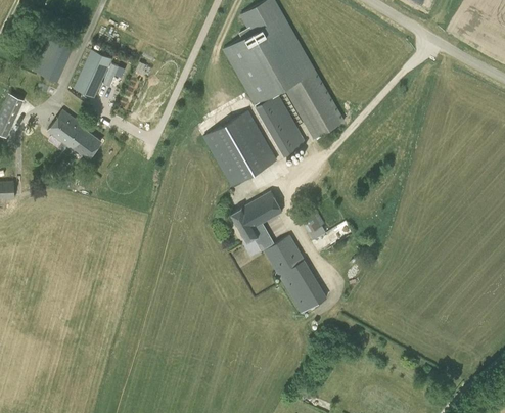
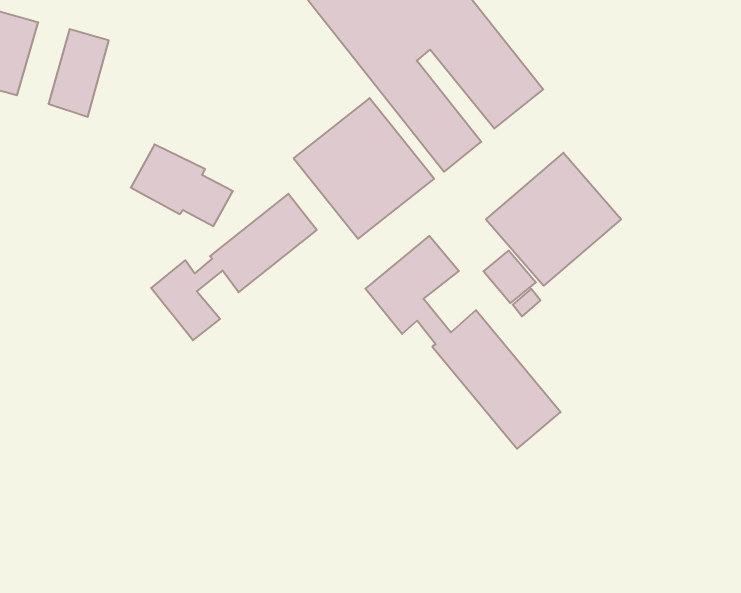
building: [46,110,101,159] -> [131,144,233,226]
building: none -> [486,153,621,286]
building: none -> [151,194,317,340]

